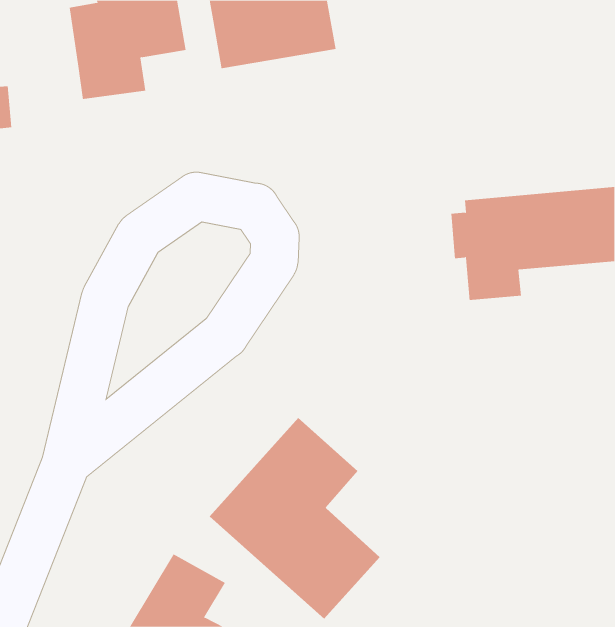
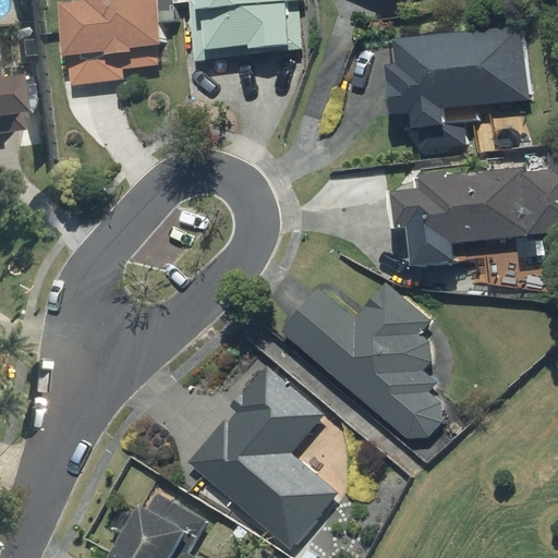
building: none -> [395,29,524,128]
building: none -> [282,283,440,440]

